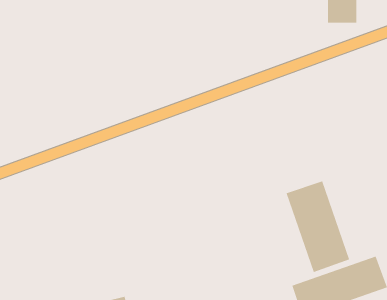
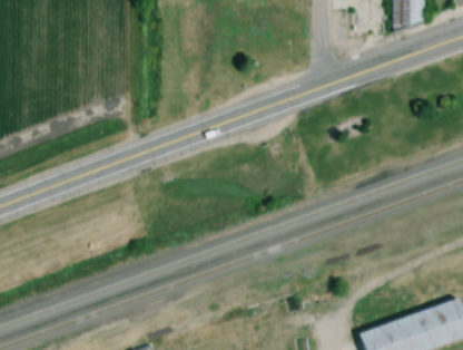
building: [286,181,350,273] -> none

